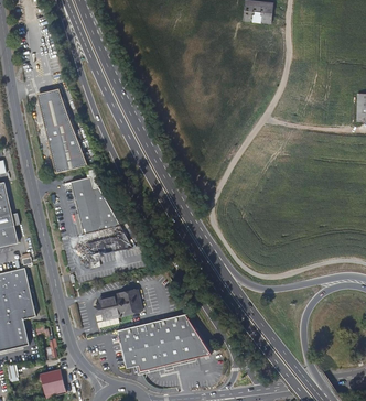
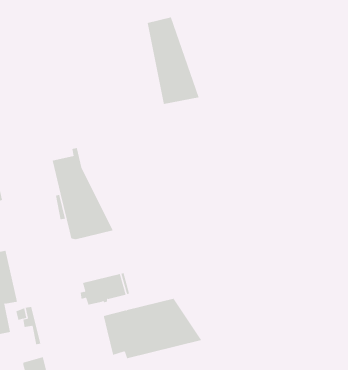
building: [35,88,85,171] -> [147,17,199,105]

